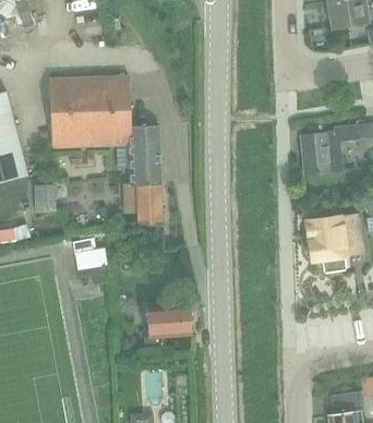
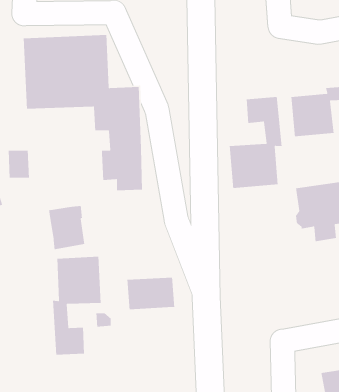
building: none -> [229,96,282,189]
building: none -> [52,256,102,356]

